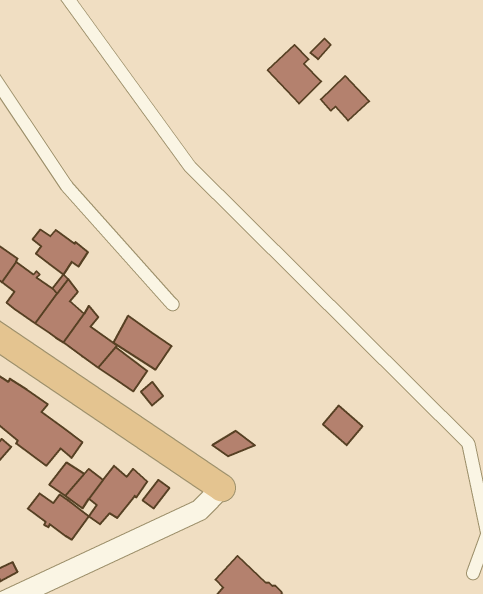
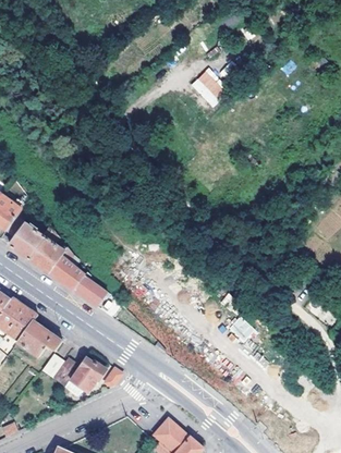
building: [321,76,369,121] -> none
building: [33,230,88,274] -> none
building: [113,316,172,370] -> none
building: [28,493,89,540] -> none

